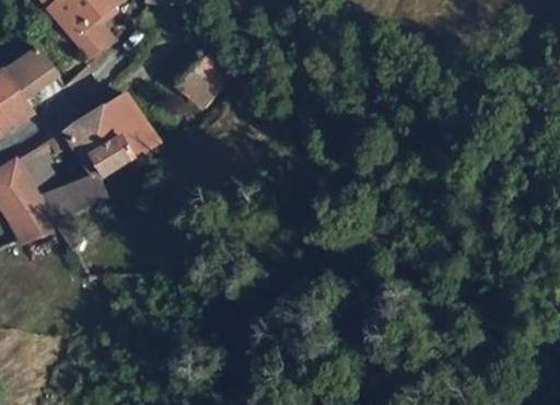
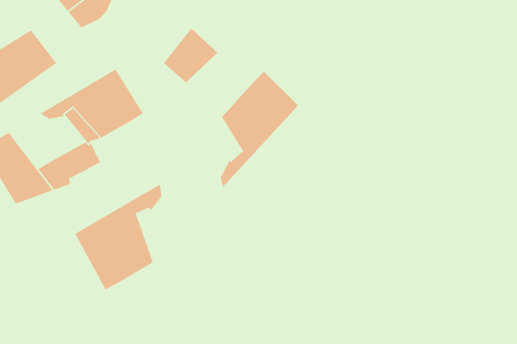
building: none -> [220,71,299,188]
building: [10,149,60,199] -> none
building: none -> [74,183,162,291]

